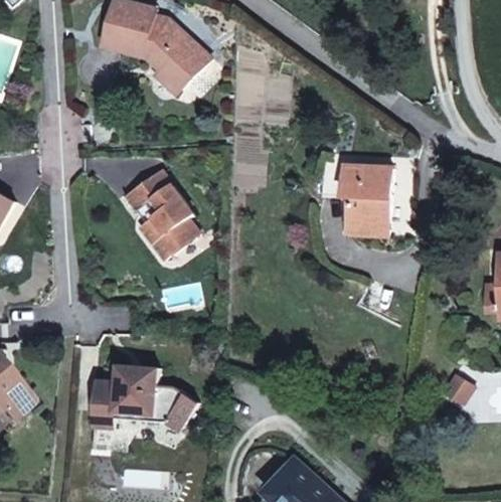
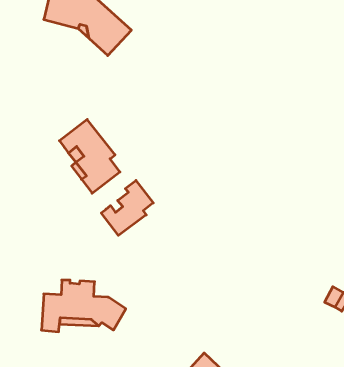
building: [325,163,392,236] -> none
building: none -> [101,180,153,235]

